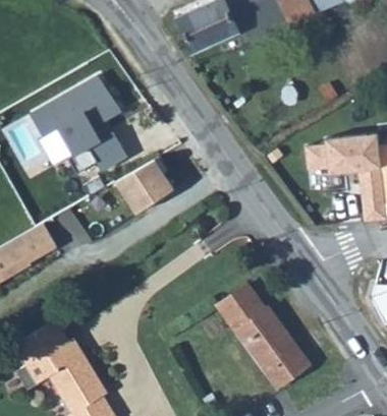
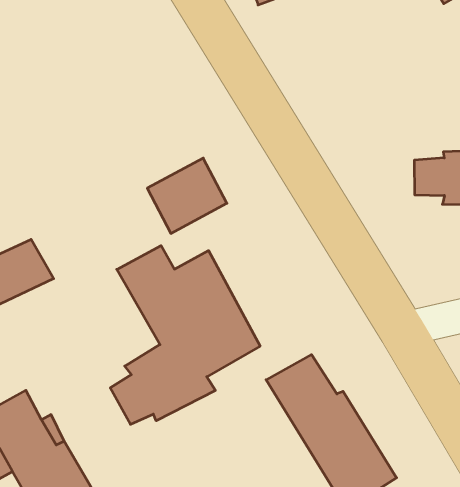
building: [31,75,121,177] -> none
building: none -> [110,246,260,424]

